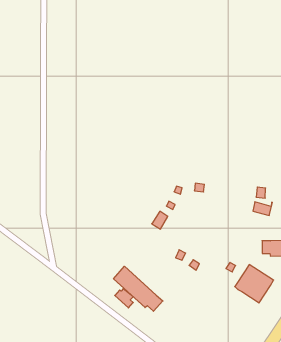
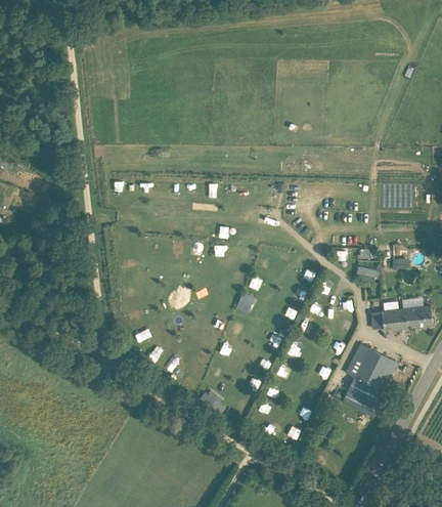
building: [114,266,163,311] -> none
building: none -> [343,377,386,416]

